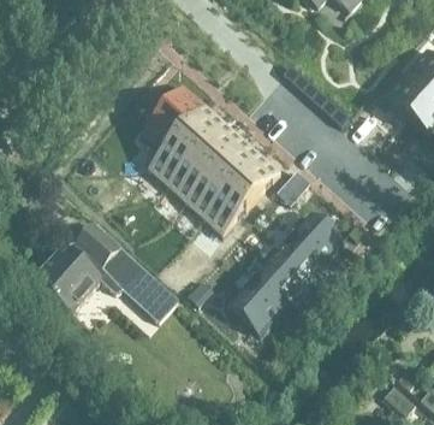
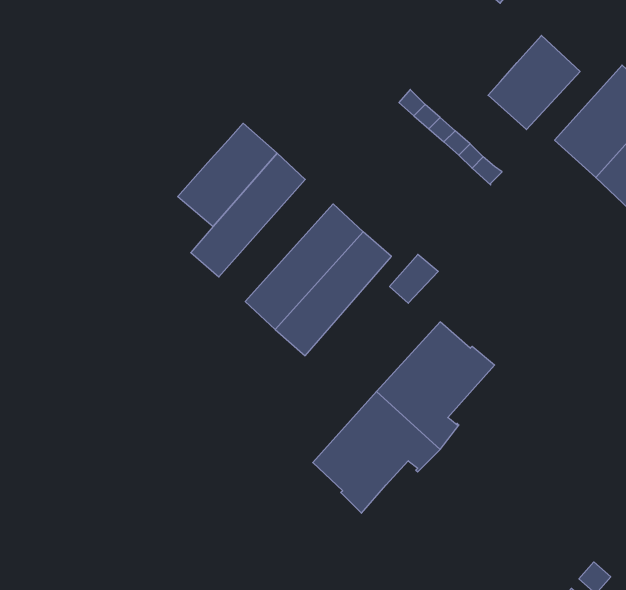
building: none -> [488,35,580,130]
building: [168,122,242,200] -> none
building: [35,223,177,321] -> none

